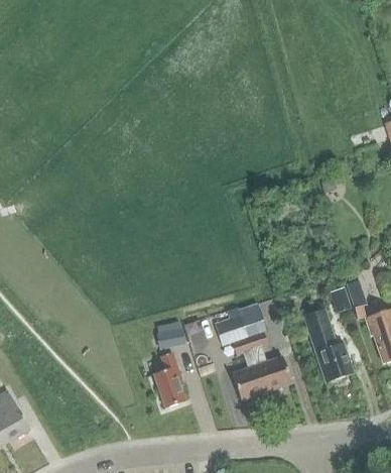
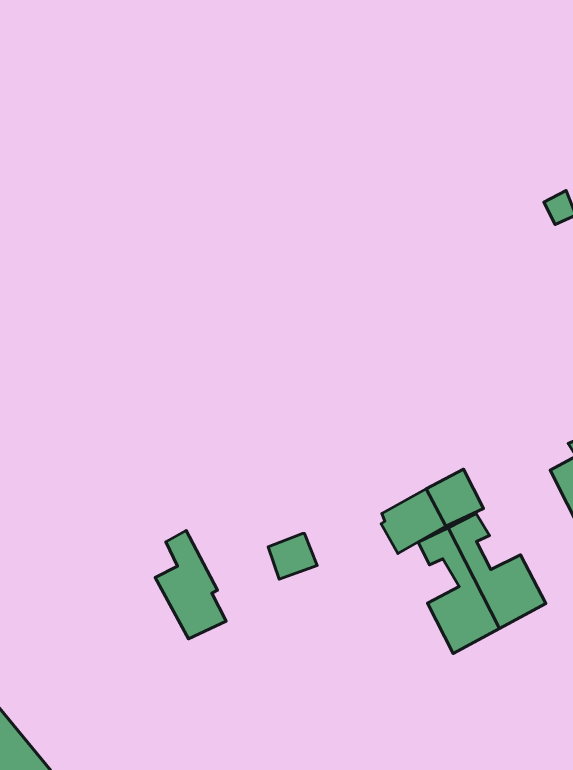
building: [153,351,185,405] -> [155,531,226,639]

